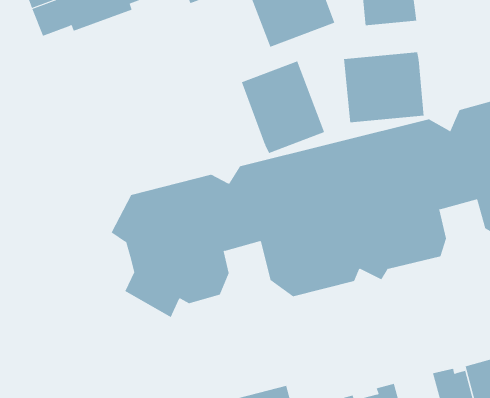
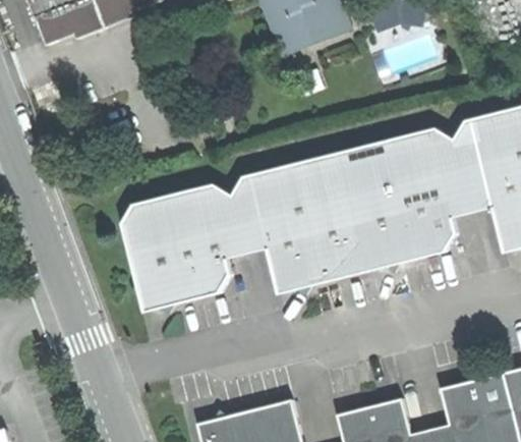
building: [343,51,424,123] -> none
building: [241,61,325,154] -> none

